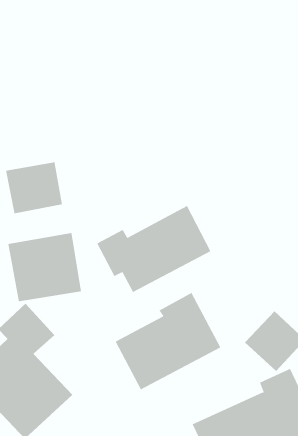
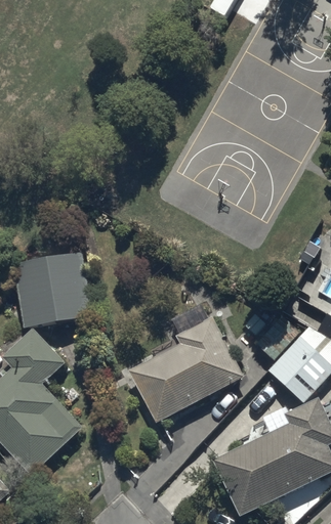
building: [6,161,63,214] -> none
building: [97,205,211,293] -> none

